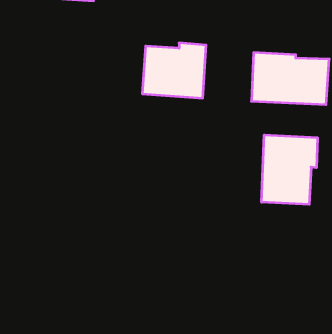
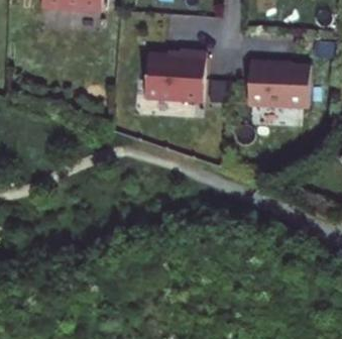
building: [262,135,317,204] -> none

